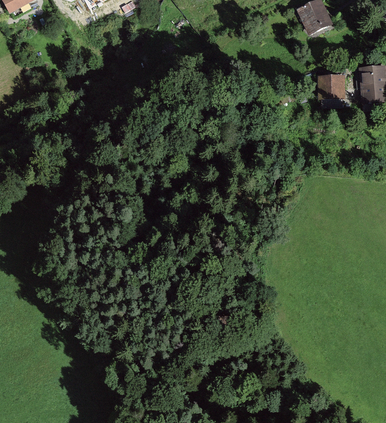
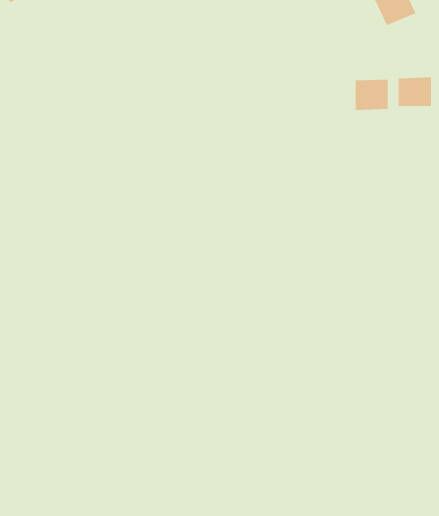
building: none -> [355,79,388,111]

